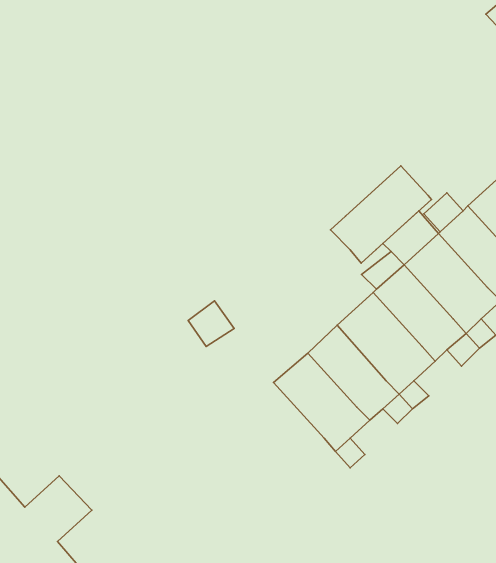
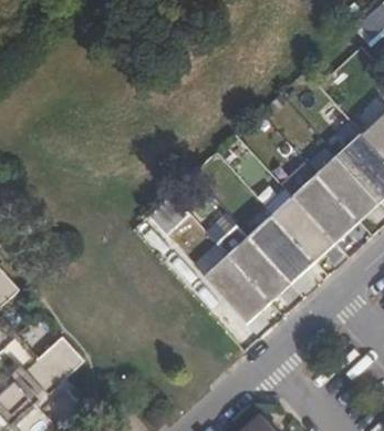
building: [331,166,431,263] -> none

